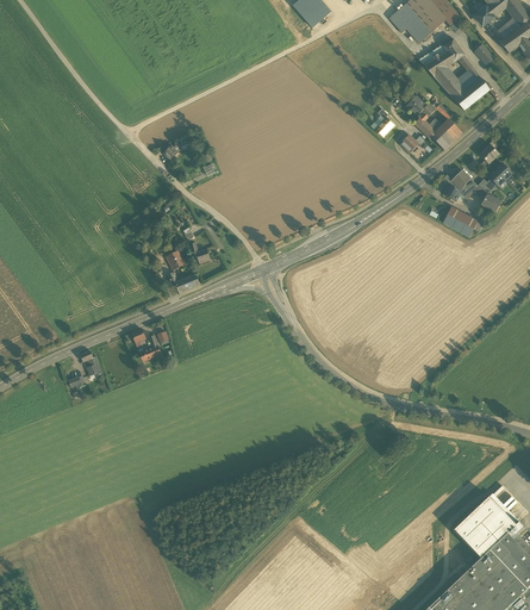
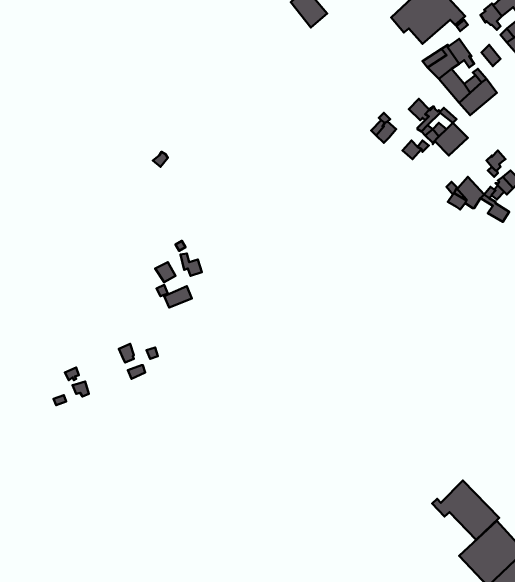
building: [442,206,476,237] -> none
building: none -> [432,480,499,540]

